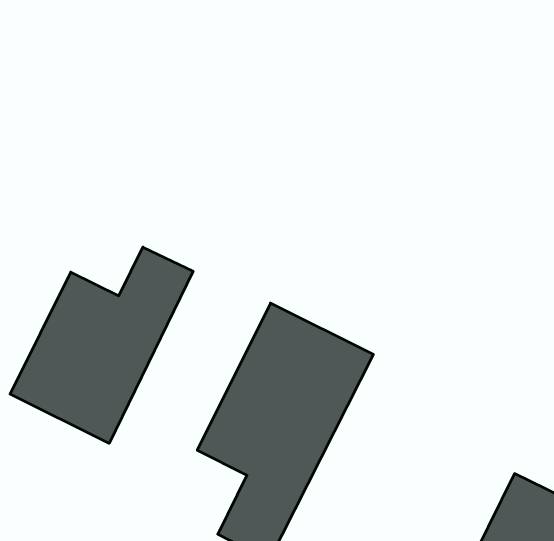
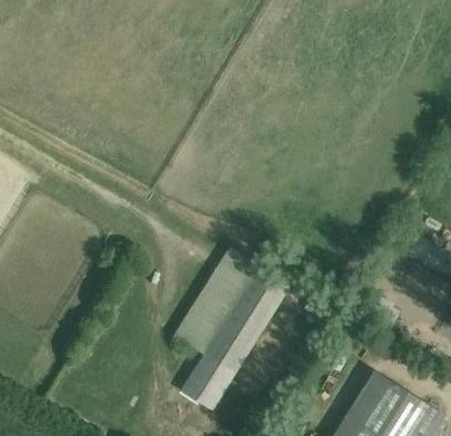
building: [10,247,193,443] -> none

